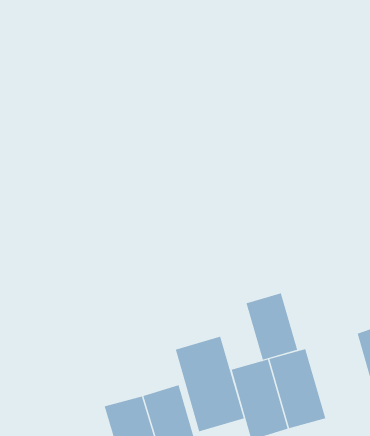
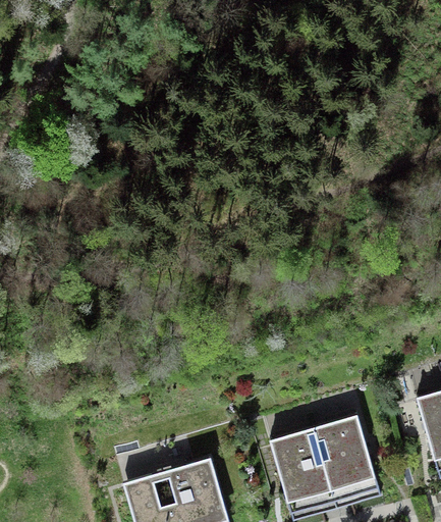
building: [246,293,298,361] -> none
building: [175,336,244,432] -> none

